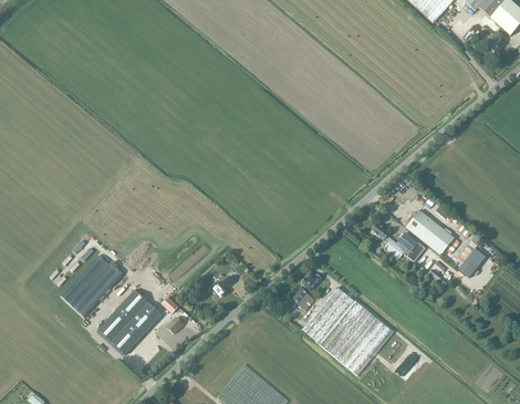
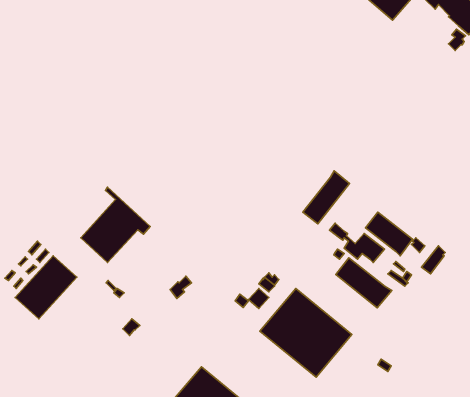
building: none -> [303,171,349,224]
building: none -> [336,258,392,308]
building: [97,280,166,354] -> [81,187,150,262]

